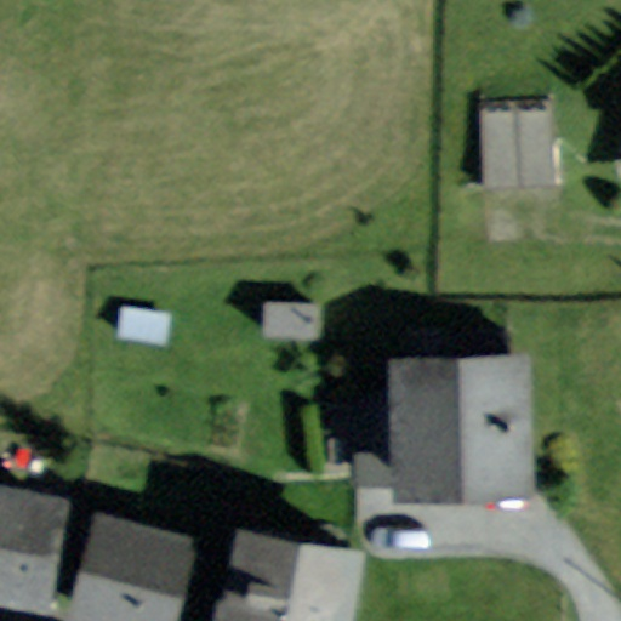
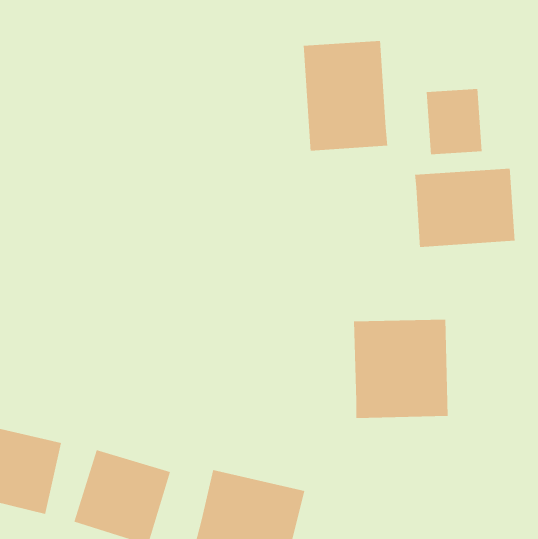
building: none -> [303,40,388,151]
building: none -> [414,168,515,248]

